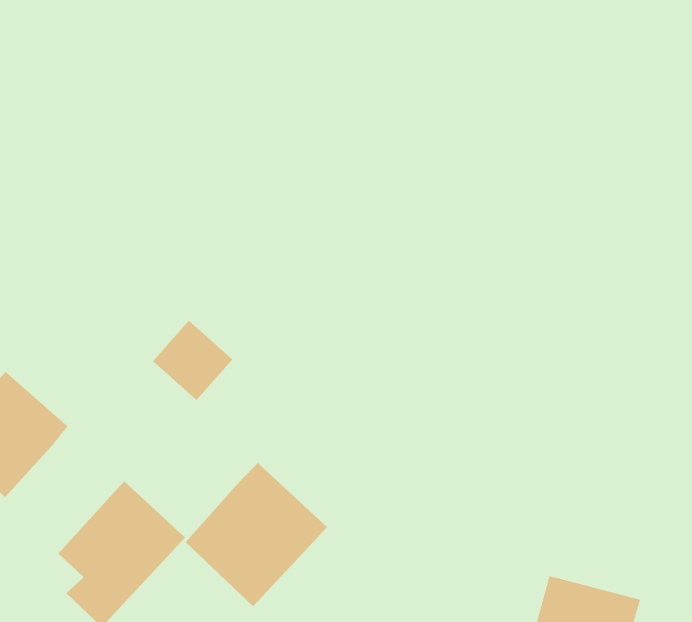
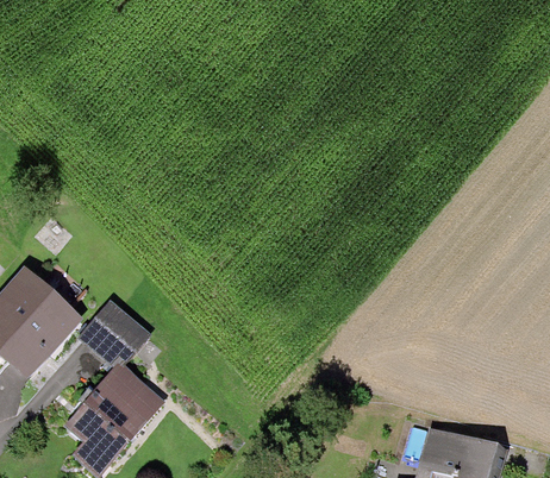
building: [152,320,233,401] -> [82,301,143,361]
building: [185,462,328,607] -> none

